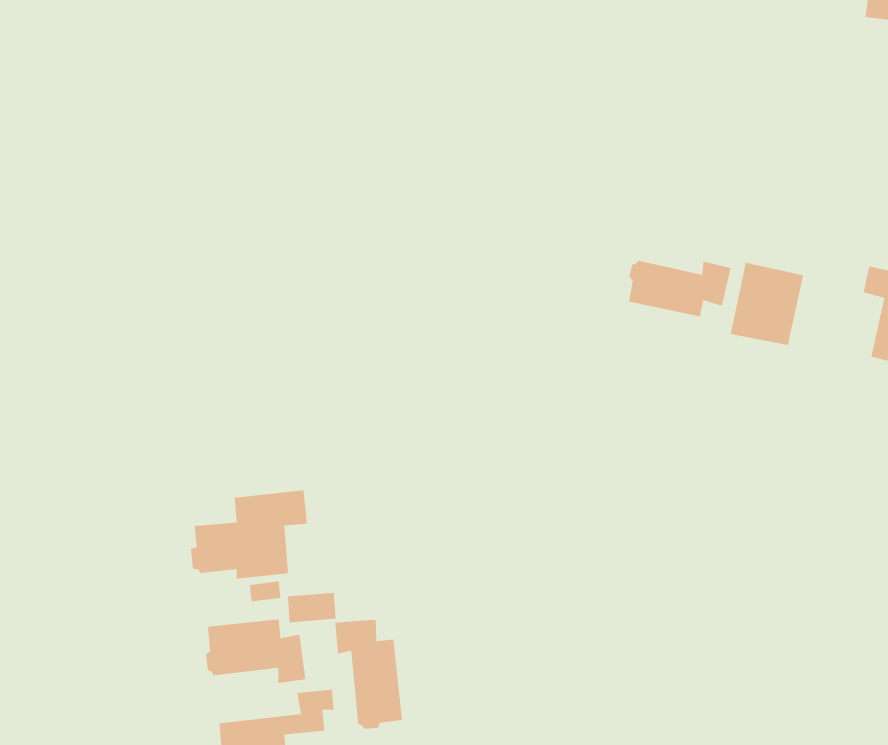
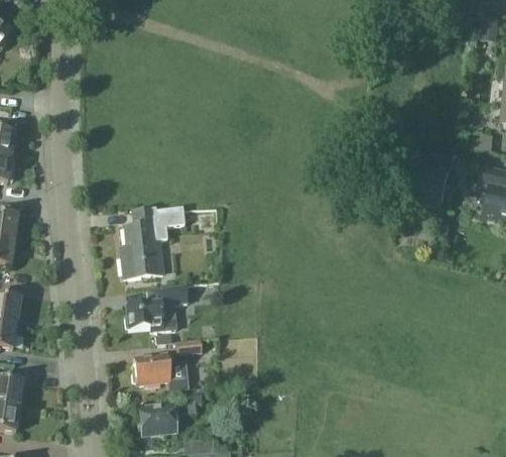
building: [628,260,731,317] -> none
building: none -> [120,206,183,277]
building: [335,619,403,730] -> none

